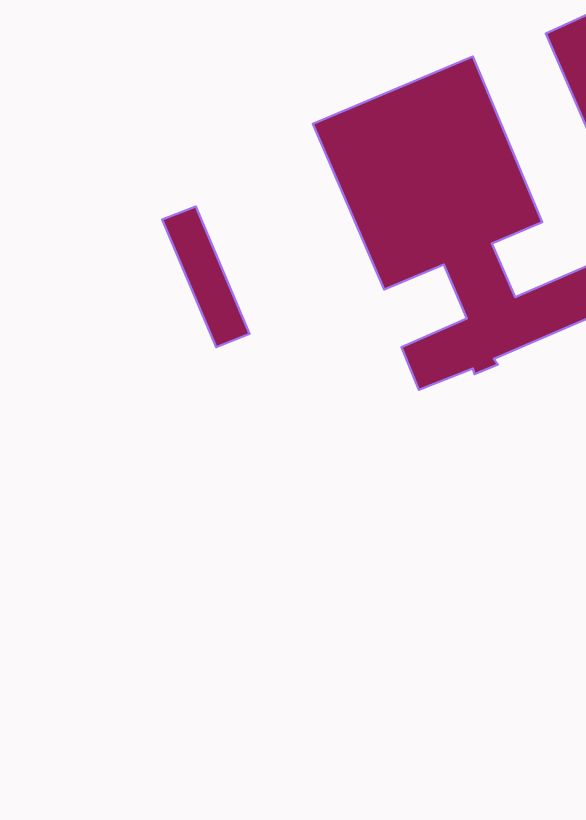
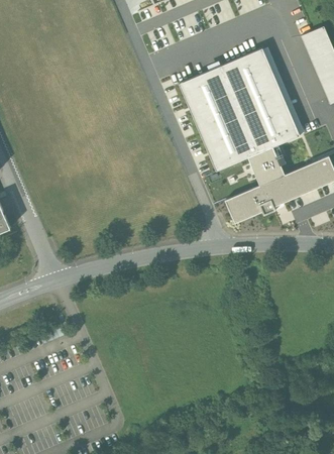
building: [162,206,250,347] -> none

